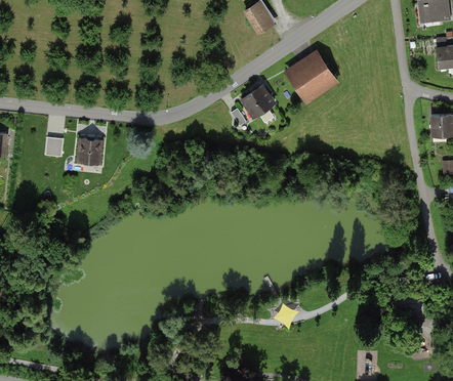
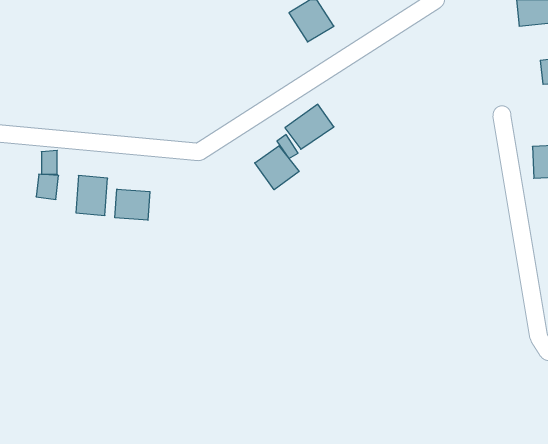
building: [286,52,334,99] -> none
building: none -> [255,146,299,190]
building: none -> [115,189,150,220]

